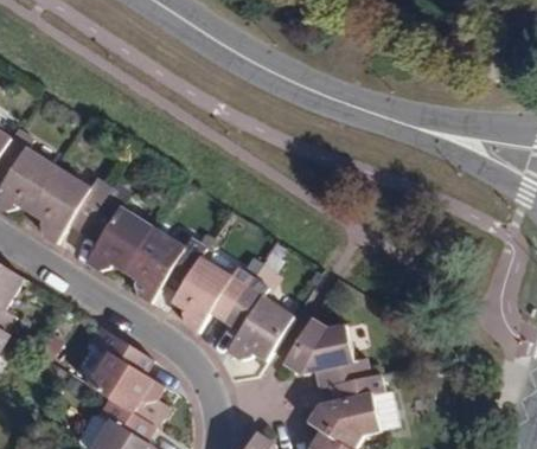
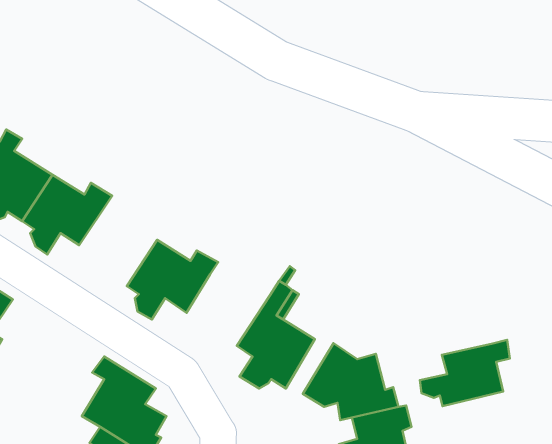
building: [83,188,153,269] -> none
building: [174,258,254,328] -> none
building: none -> [420,340,510,406]

